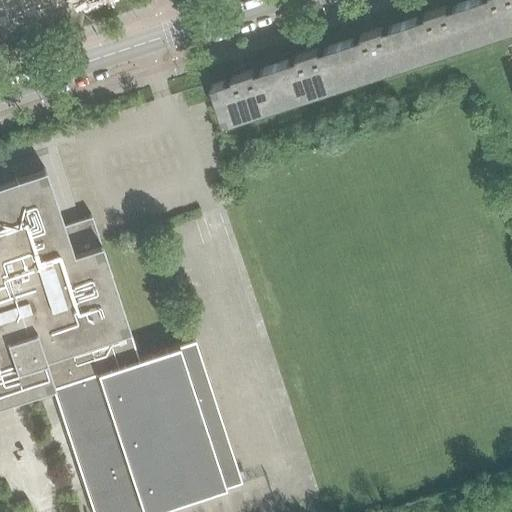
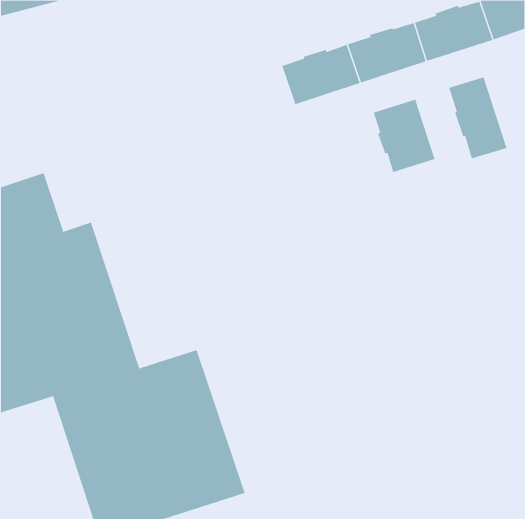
building: [210,70,287,129] -> none
building: none -> [449,77,507,159]
building: none -> [373,99,435,173]

